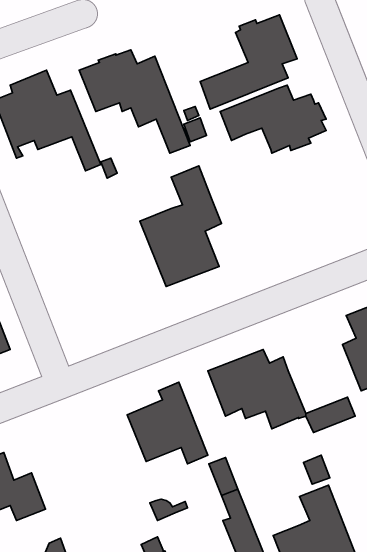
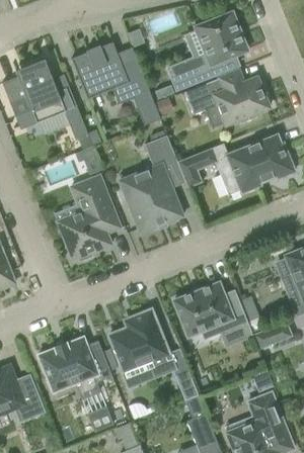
building: none -> [177,134,295,193]
building: none -> [58,175,121,261]
building: none -> [39,337,112,392]

